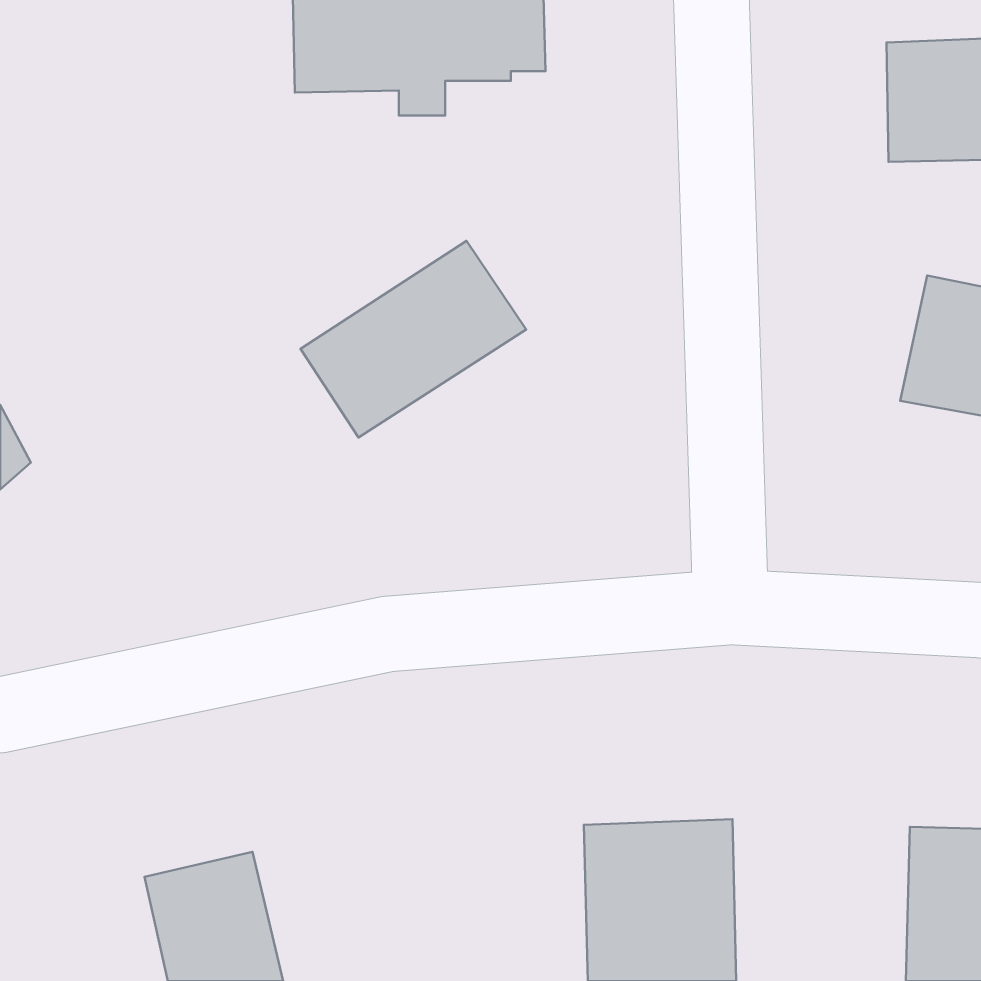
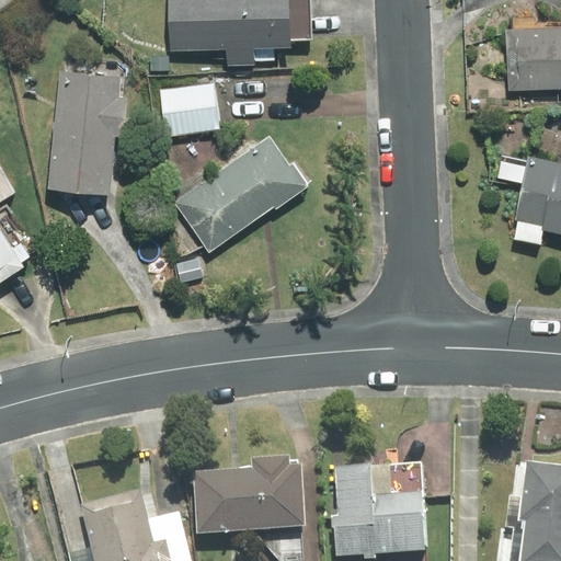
building: none -> [49,73,123,195]
building: none -> [162,77,220,137]
building: none -> [190,465,300,538]

